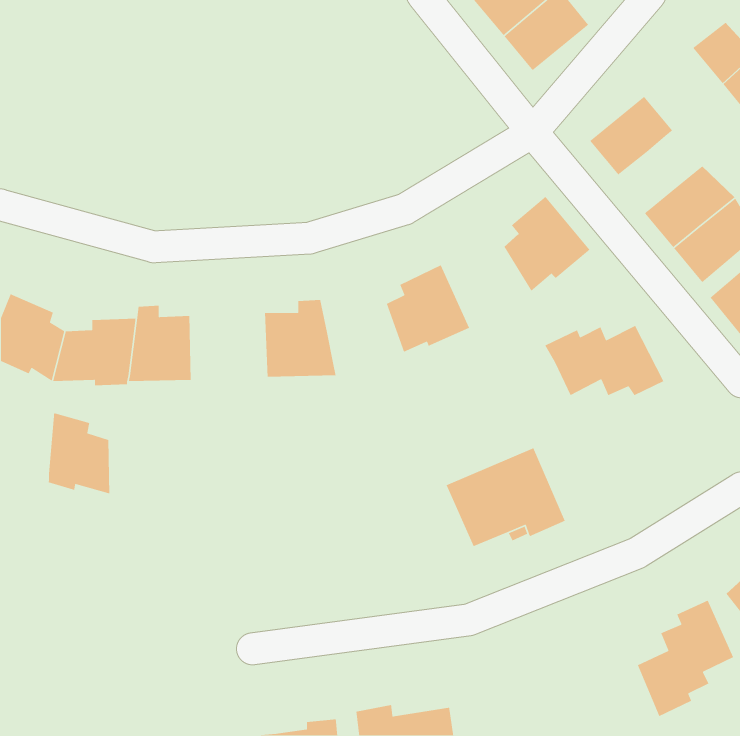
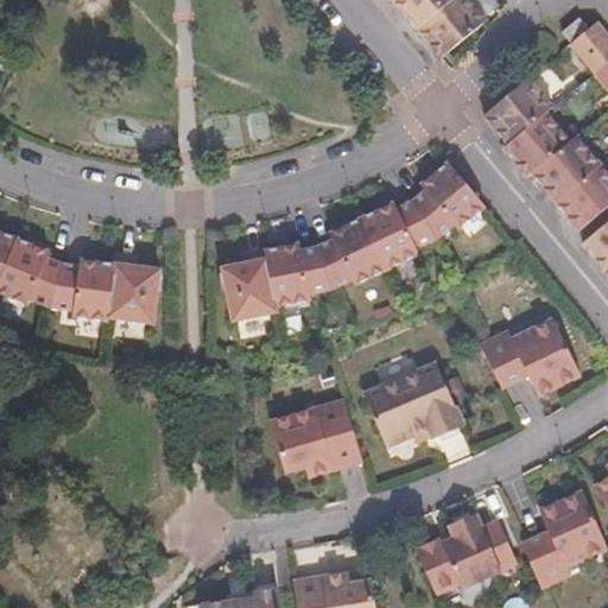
building: none -> [504,112,570,176]
building: none -> [362,202,436,268]
building: none -> [264,240,331,297]
building: [544,325,665,396] -> [481,329,580,387]
building: [48,412,110,495] -> none
building: none -> [270,400,362,474]
building: none -> [418,512,518,594]

